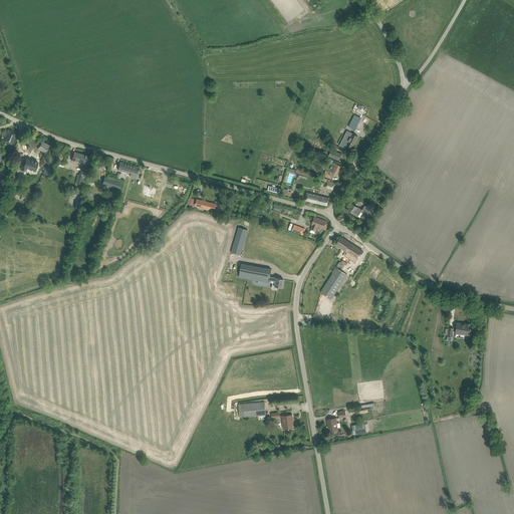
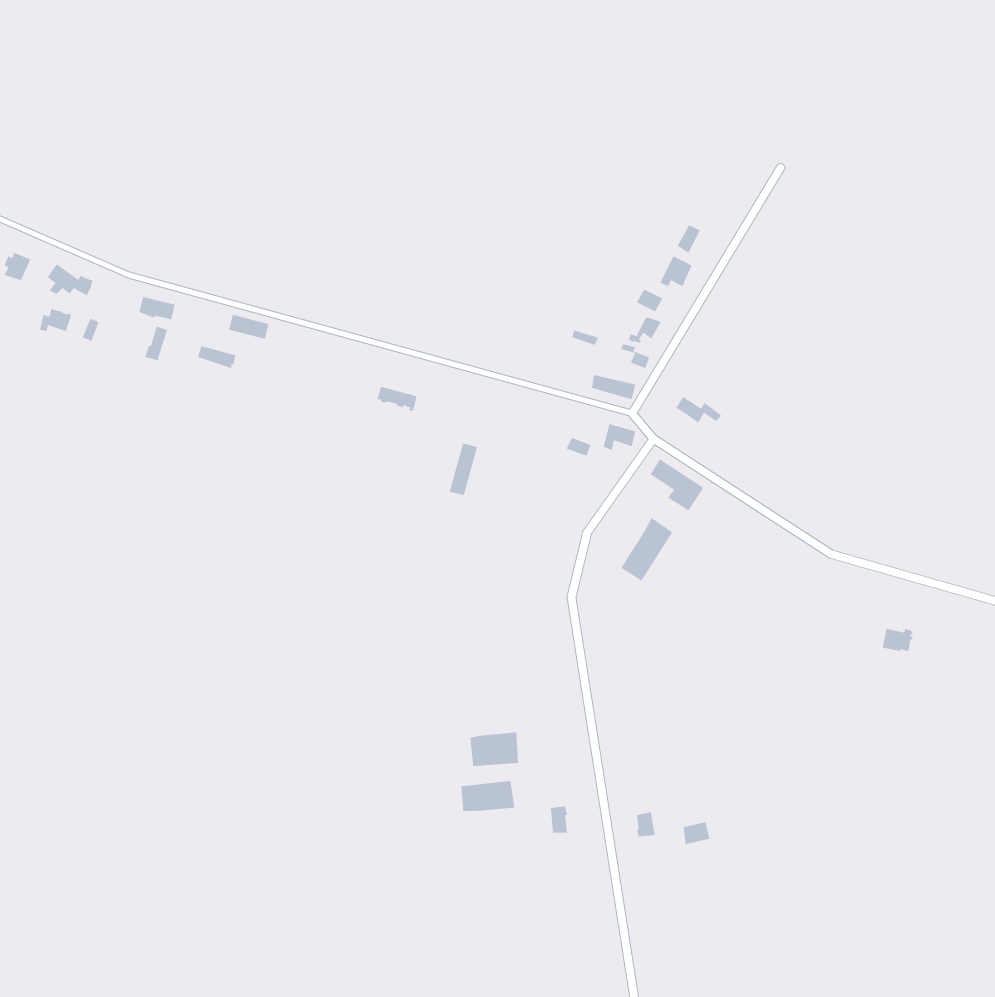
building: [238,264,282,290] -> none
building: none -> [470,732,519,767]

